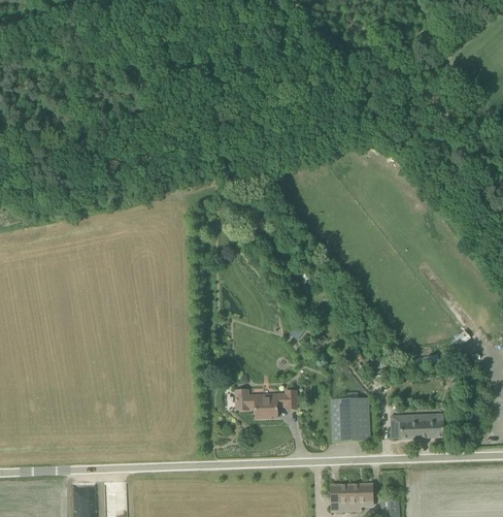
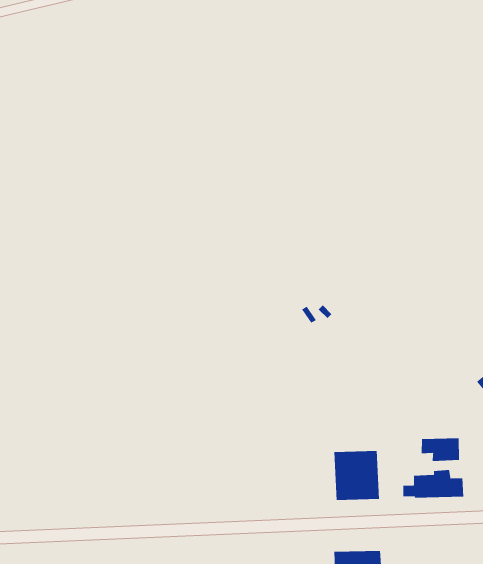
building: none -> [421,438,459,462]
building: [236,388,297,417] -> none

